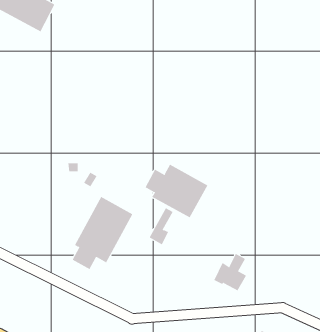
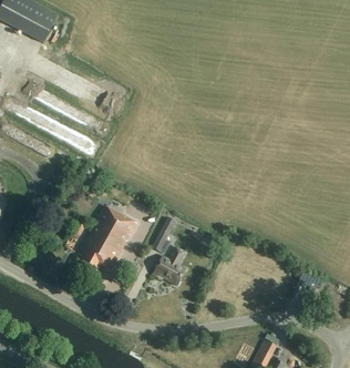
building: [145,164,208,218] -> none
building: [213,253,247,291] -> [154,245,187,283]

